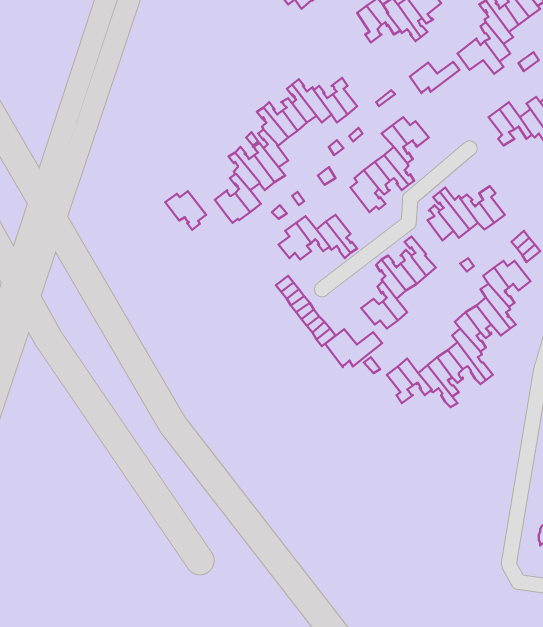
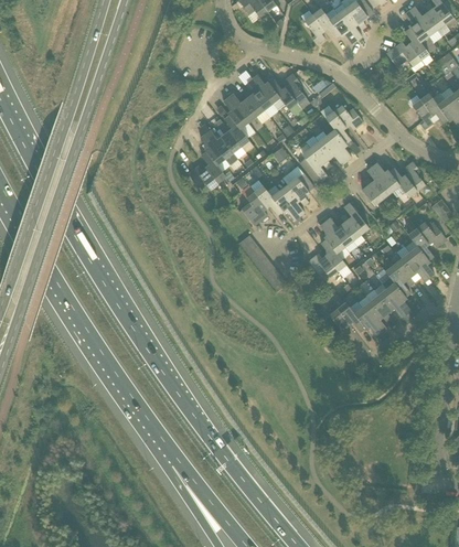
building: [410,62,460,93] -> none
building: [165,191,206,230] -> none
building: none -> [281,170,313,204]
building: [325,329,382,367] -> none

